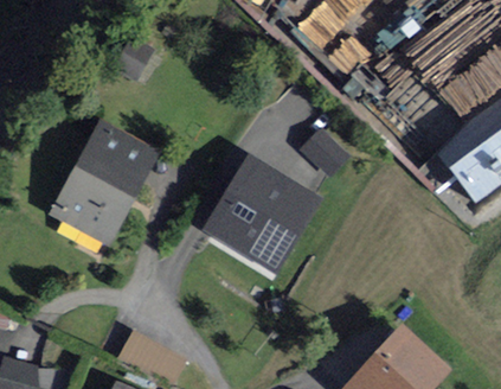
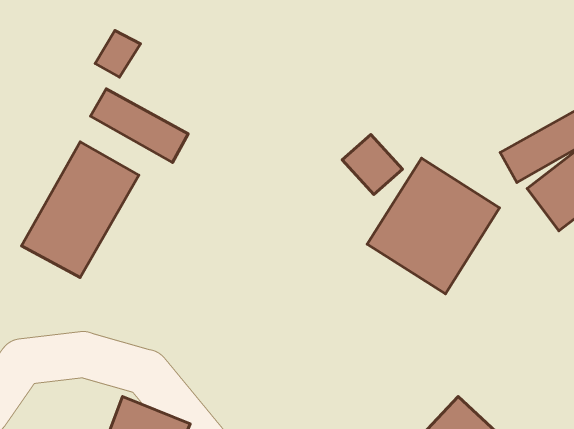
building: none -> [90,89,188,162]
building: [208,158,313,264] -> [367,158,500,294]

